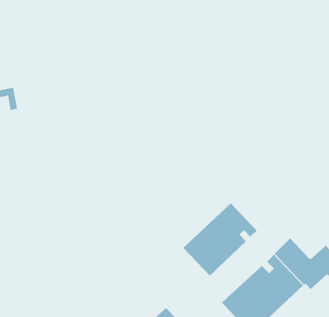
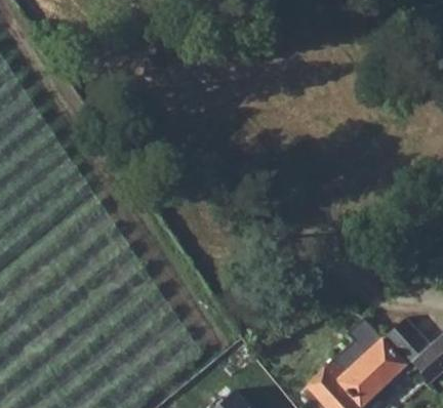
building: [183,202,258,277] -> none

